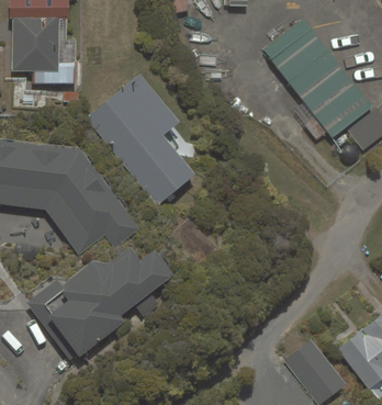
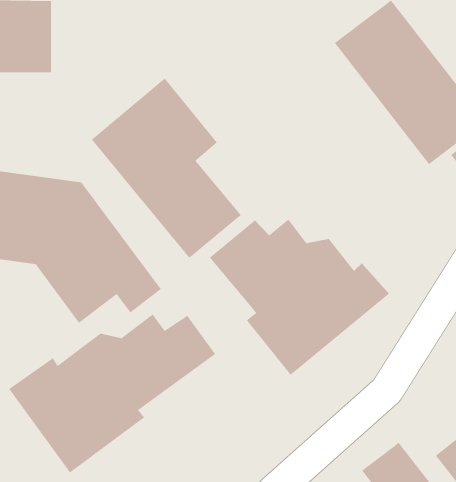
building: none -> [209,218,390,376]

